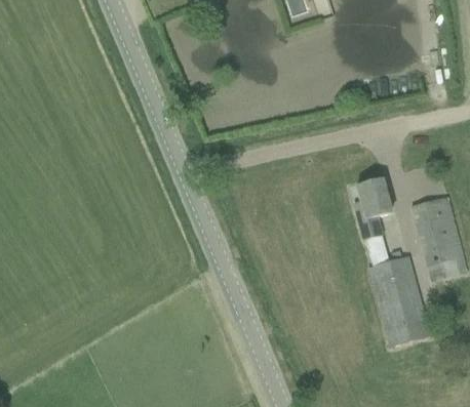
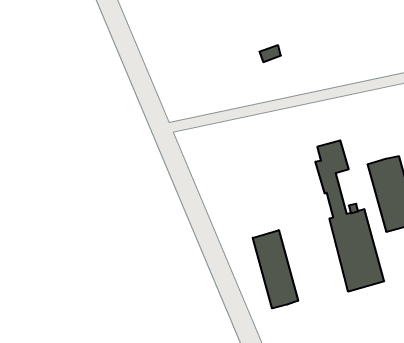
building: none -> [253,230,298,308]

